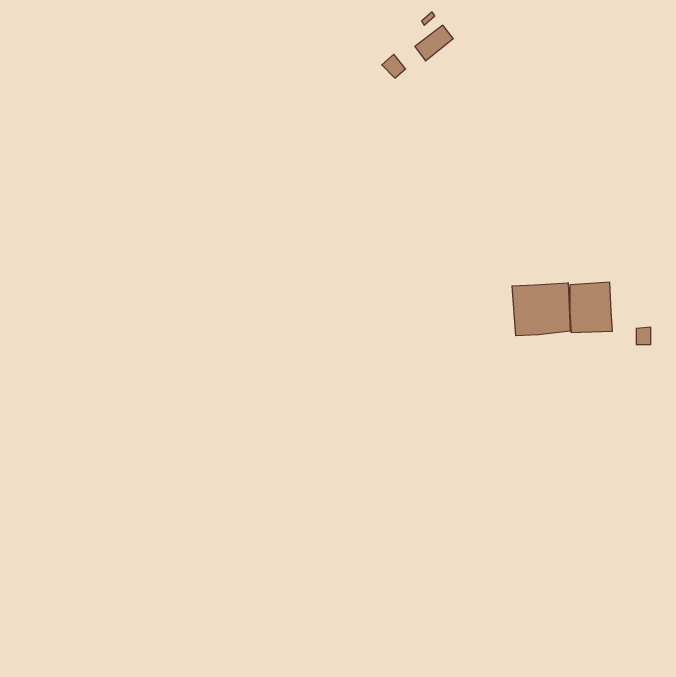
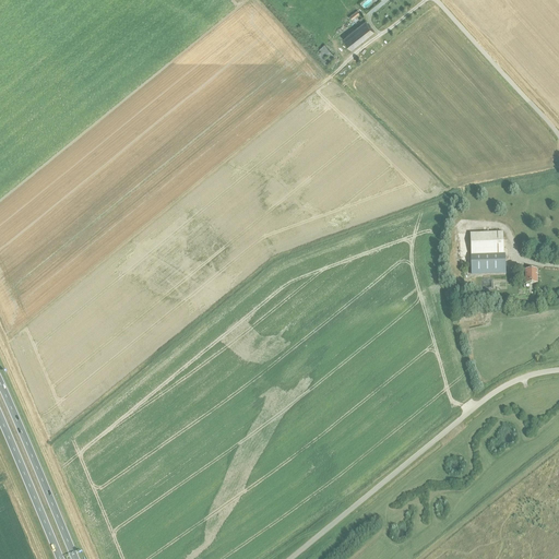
building: [512,283,570,336] -> none

